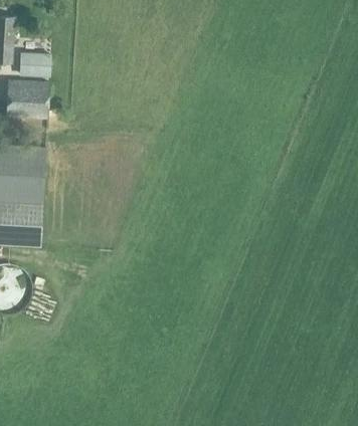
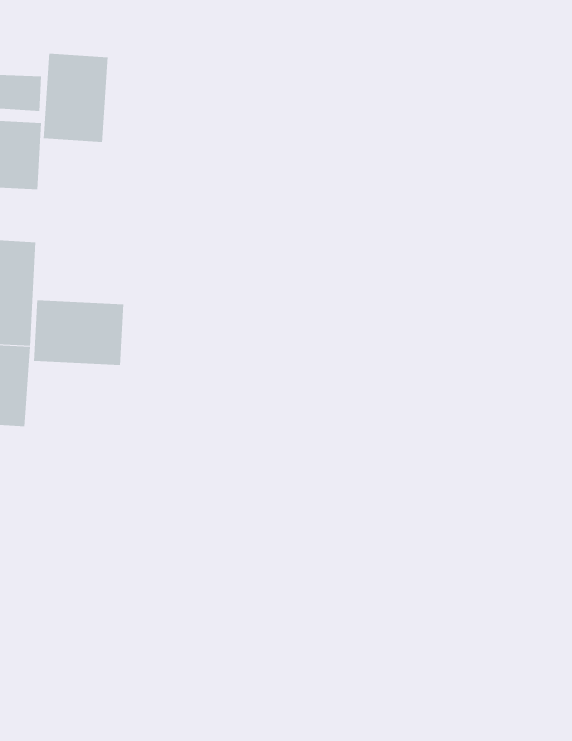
building: none -> [43,53,108,143]
building: none -> [33,300,124,366]

